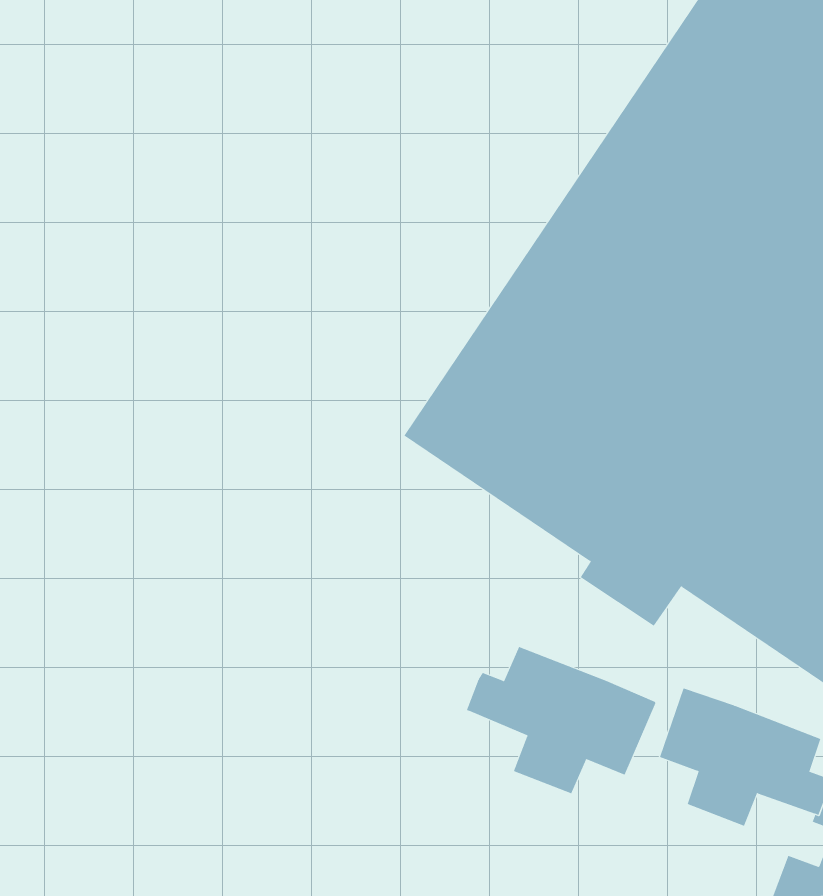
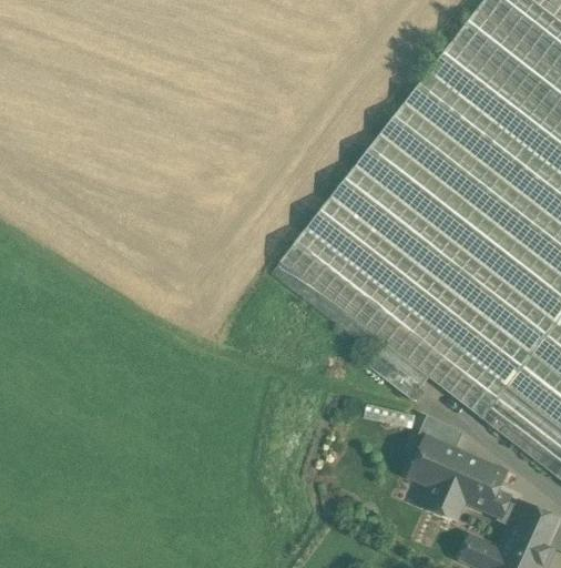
building: [466,646,656,794] -> none
building: none -> [420,414,465,447]

